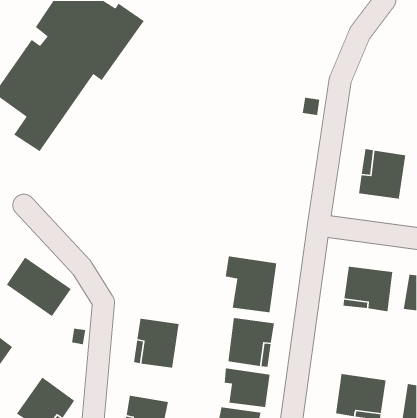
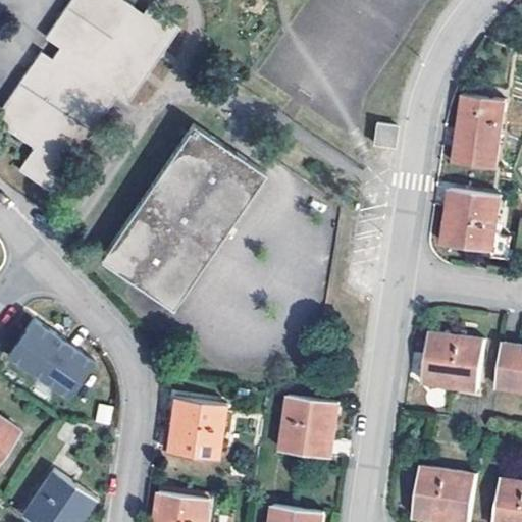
building: none -> [455,94,504,168]
building: none -> [97,127,263,310]
building: [225,255,277,313] -> none
building: [224,367,271,408] -> none

